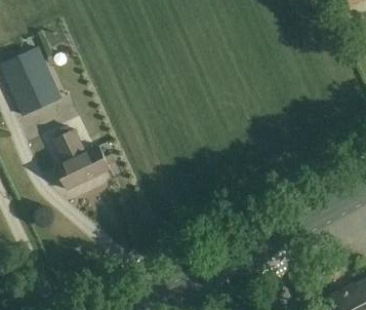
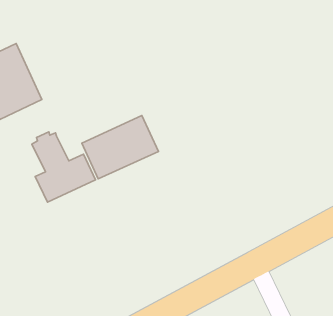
building: none -> [82,115,159,179]

